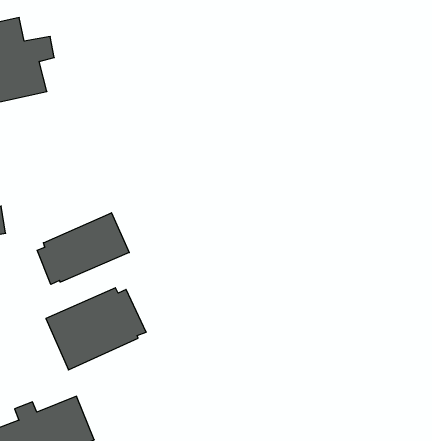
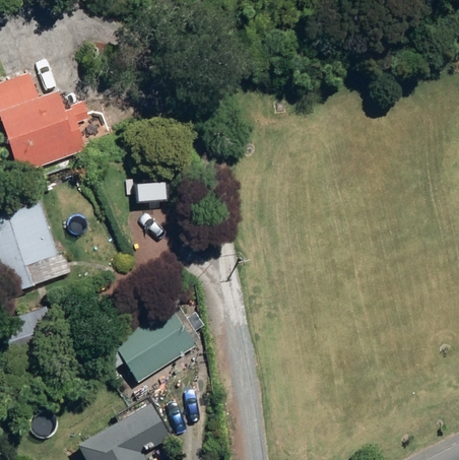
building: [37,213,129,284] -> none

